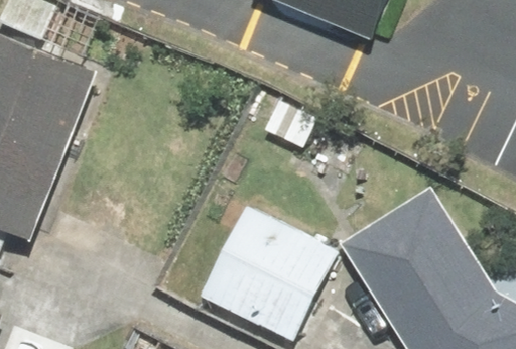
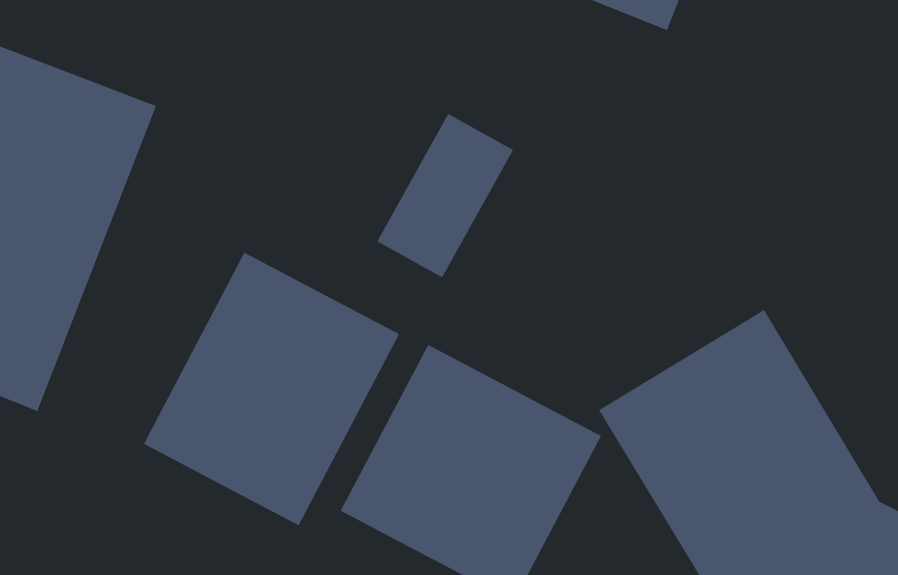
building: none -> [143,252,400,526]

